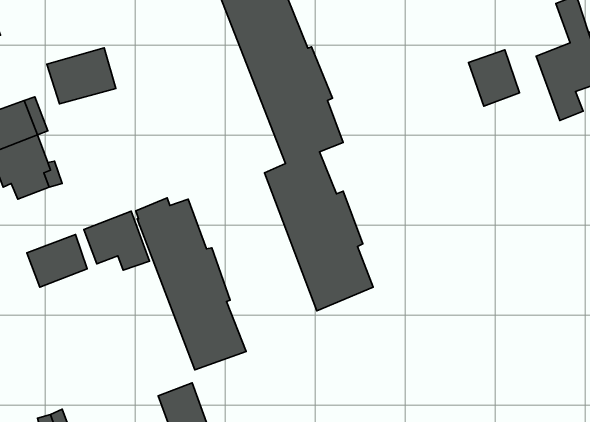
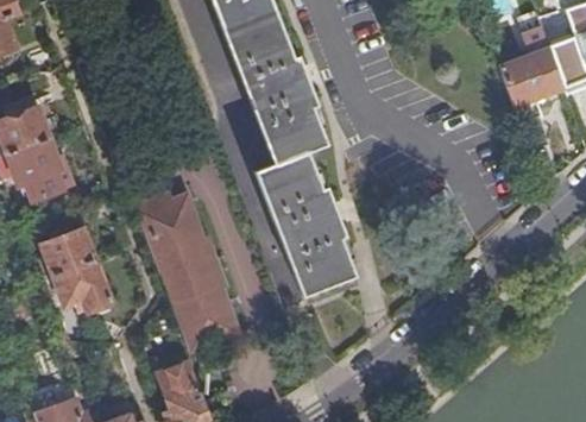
building: [47,48,116,104] -> none
building: [468,50,519,106] -> none
building: [84,211,149,270] -> [52,259,112,313]

